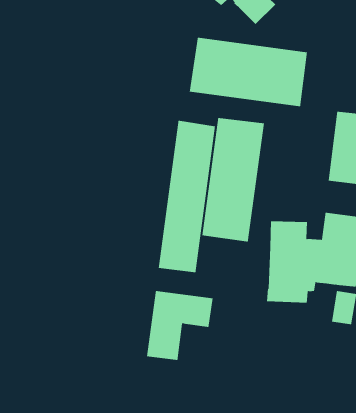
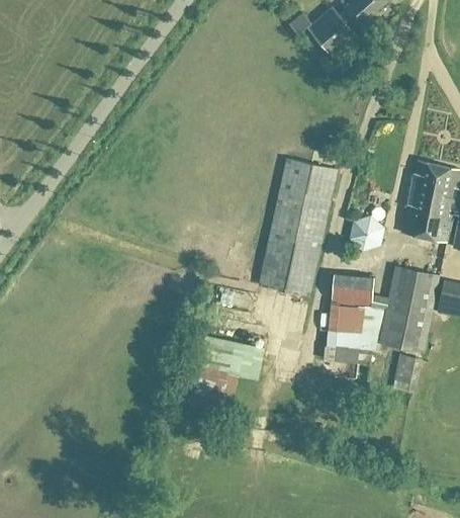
building: [189,37,308,107] -> none
building: [158,120,216,273] -> none
building: none -> [349,213,384,248]

